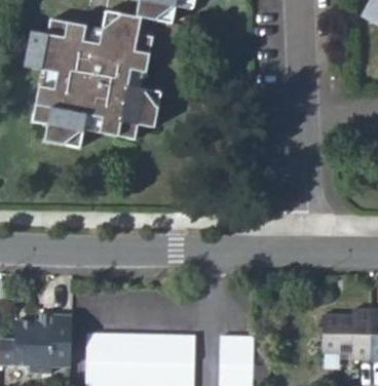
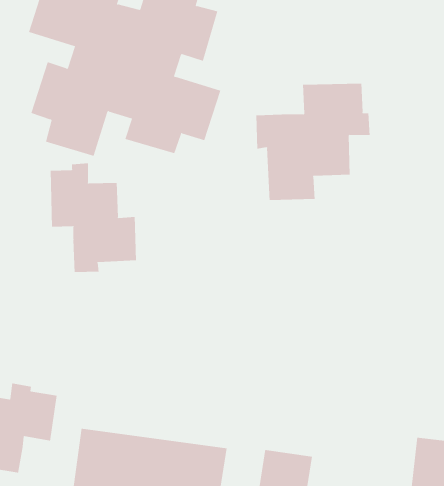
building: none -> [256,83,370,201]
building: none -> [50,163,136,273]

